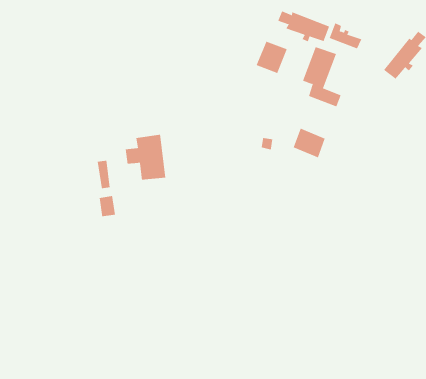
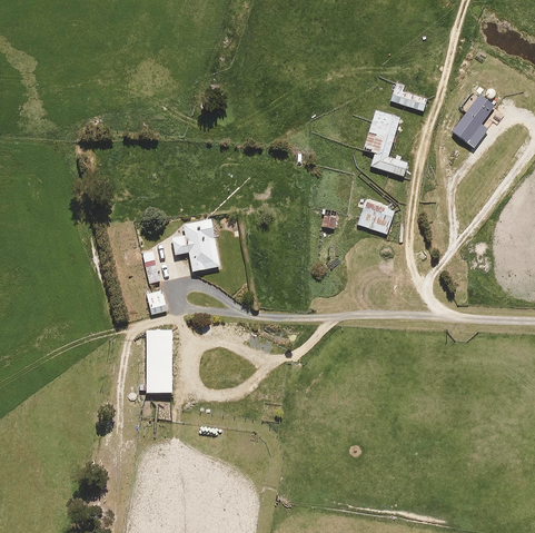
building: [277,11,330,42] -> none
building: [256,41,288,74] -> none
building: none -> [146,329,171,392]

